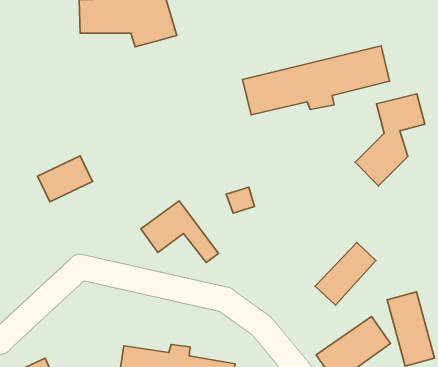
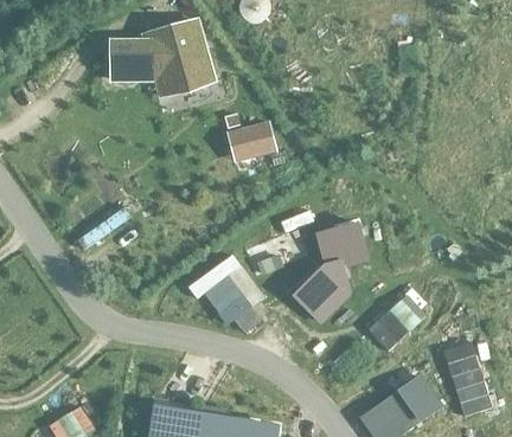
building: [243,46,390,115] -> none
building: none -> [229,120,280,160]
building: [355,94,425,186] -> [295,221,369,319]

